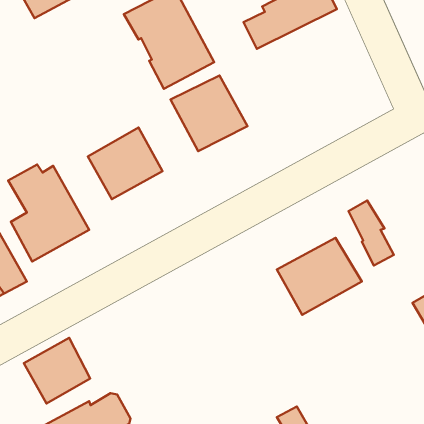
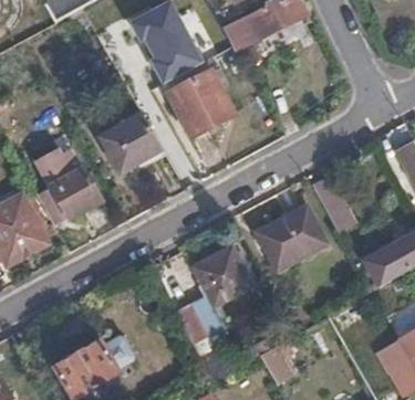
building: none -> [189,246,252,327]
building: [24,338,90,404] -> none

